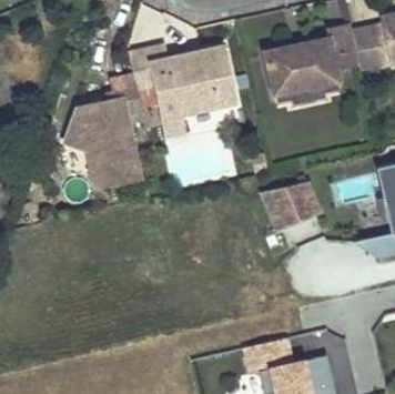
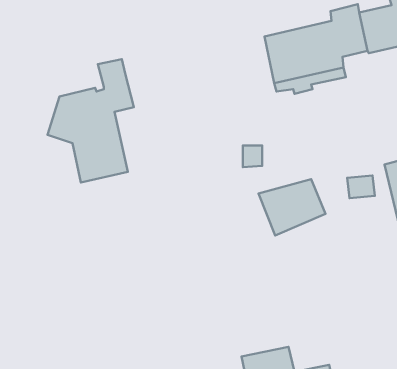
building: [130,39,237,131] -> none

